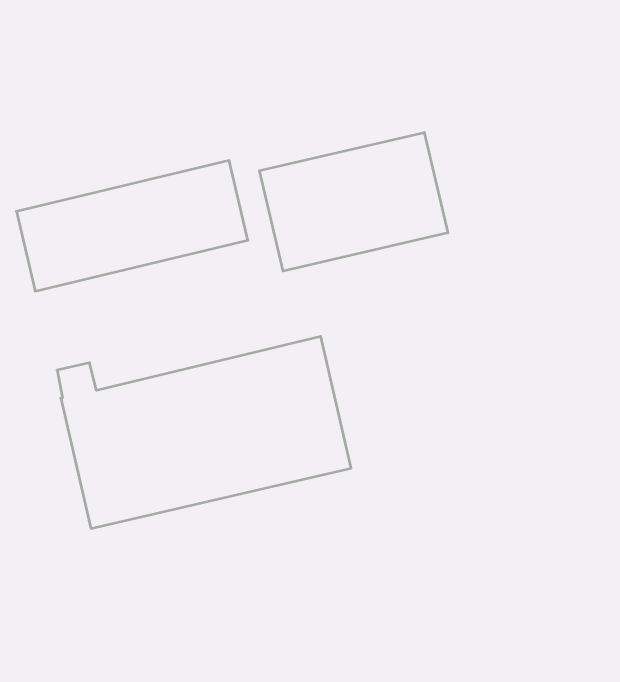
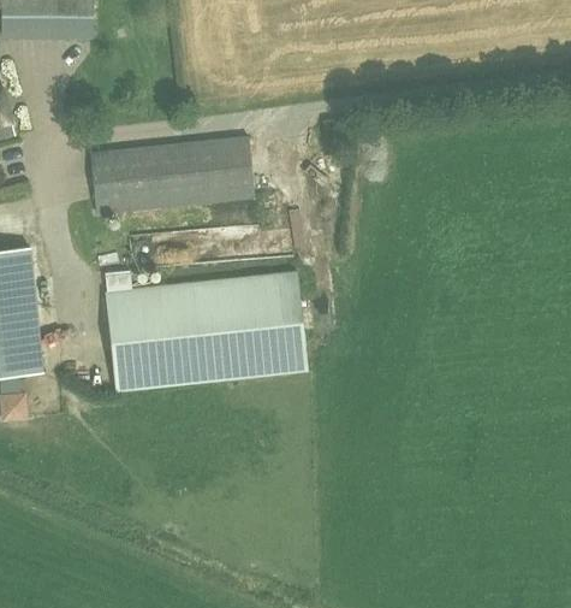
building: [259,132,448,271] -> none

